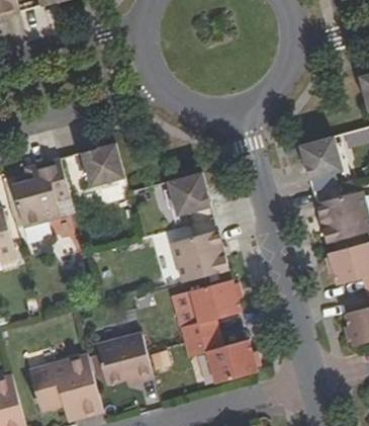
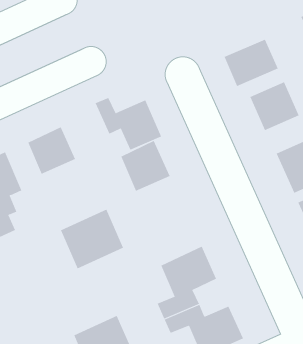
building: none -> [224,39,278,87]
building: none -> [95,97,162,150]
building: [171,230,228,282] -> [60,209,124,269]

